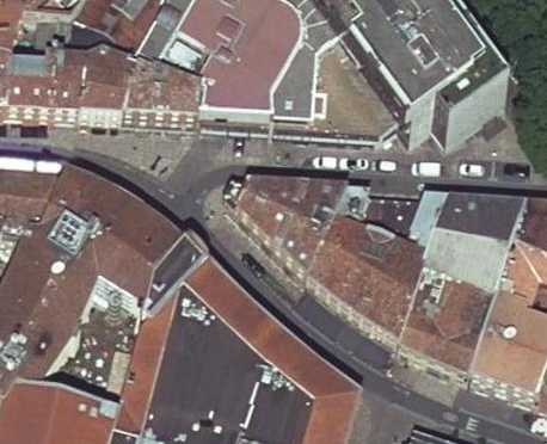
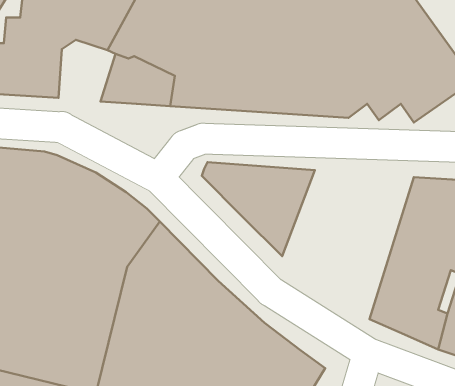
building: [86,58,145,122] -> none
building: [315,192,450,345] -> none

